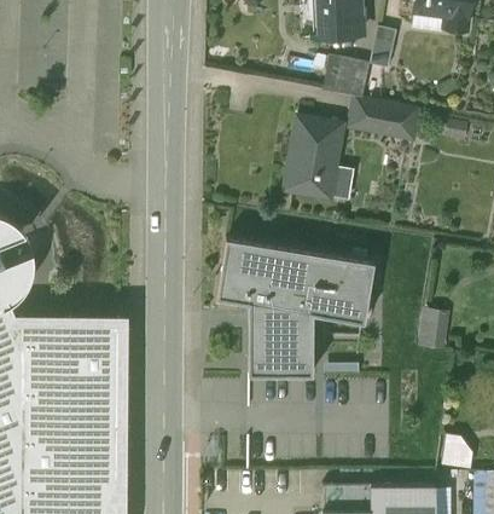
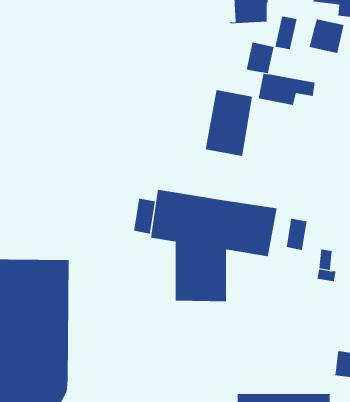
building: none -> [309,18,344,54]
building: none -> [133,198,155,235]
building: none -> [286,218,307,251]

